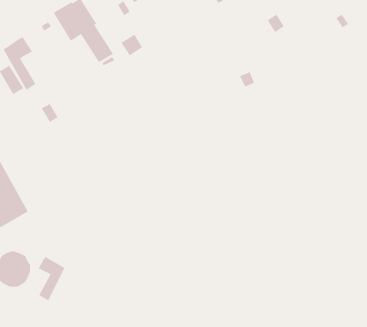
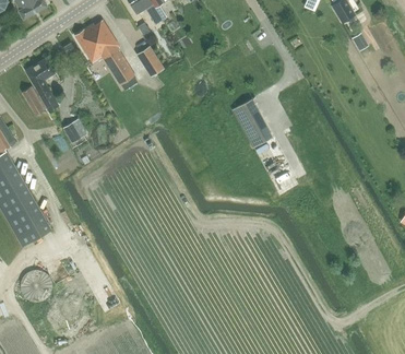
building: none -> [234,101,267,145]
building: [38,256,65,301] -> none

